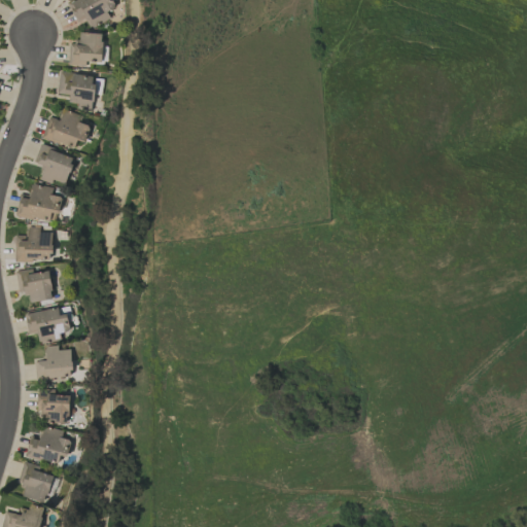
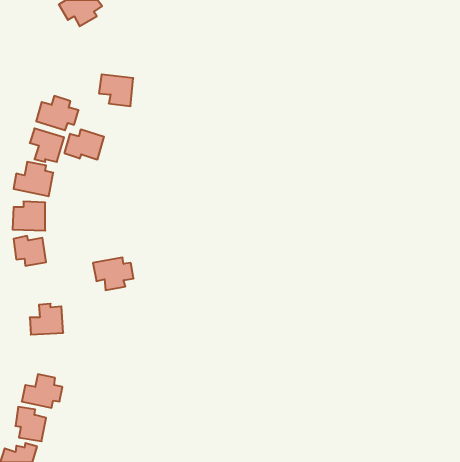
building: [71,33,104,65] -> none
building: [58,72,97,108] -> [99,74,133,106]
building: none -> [65,129,104,160]
building: [26,308,72,345] -> [93,258,134,290]
building: [38,389,71,424] -> none

